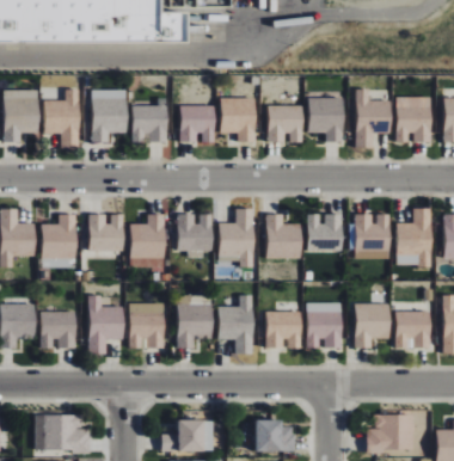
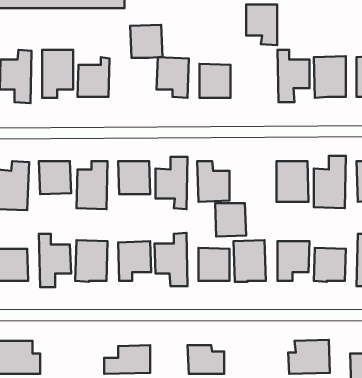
building: [308,98,343,143] -> [246,5,277,45]
building: [179,106,215,143] -> [130,25,162,58]
building: [307,214,342,251] -> [215,203,246,236]

